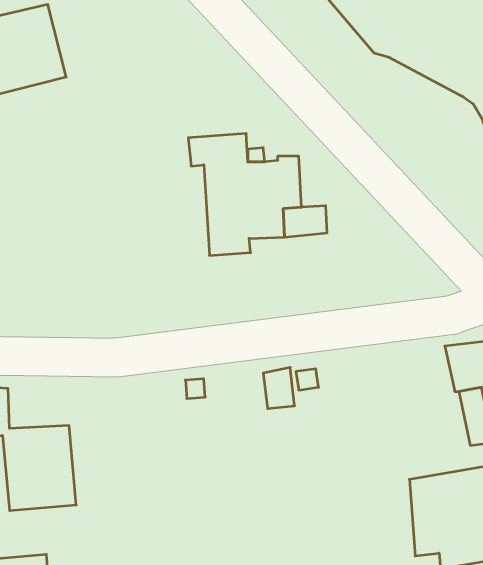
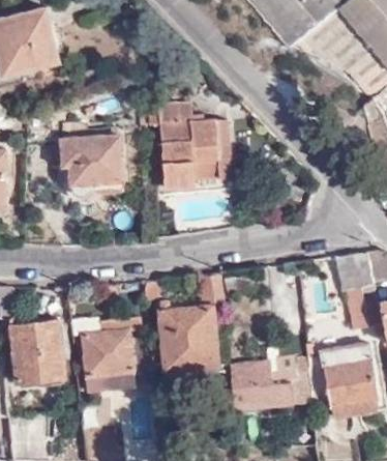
building: none -> [59,127,121,198]
building: none -> [162,306,221,365]
building: none -> [82,324,138,387]
building: none -> [231,361,310,408]

